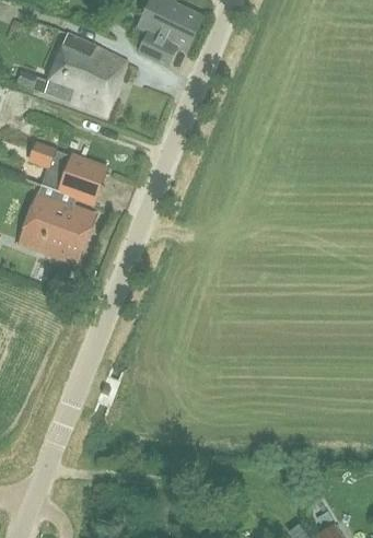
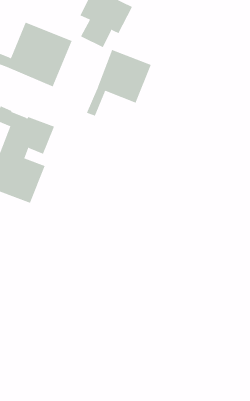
building: none -> [86,49,152,117]

